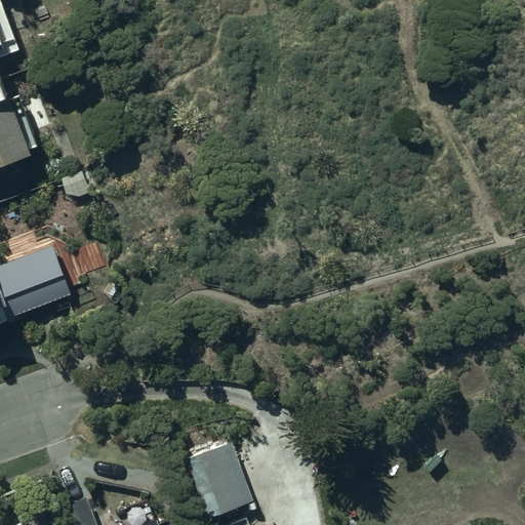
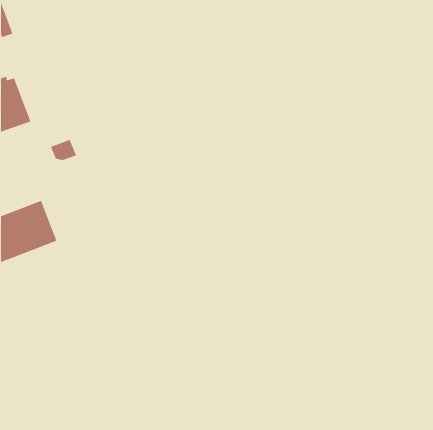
building: [186,444,252,519] -> none

